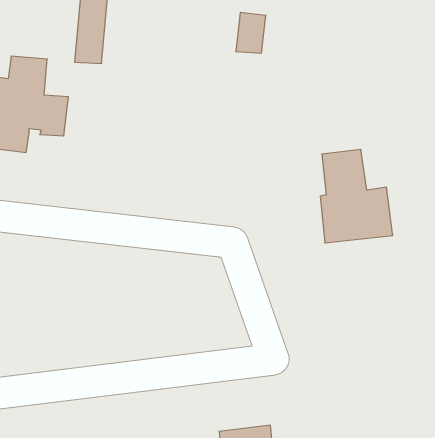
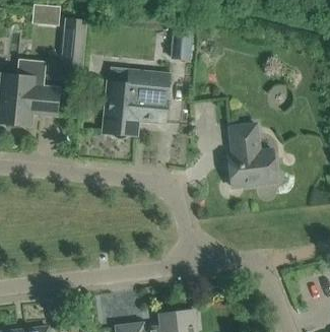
building: none -> [104,69,170,139]

